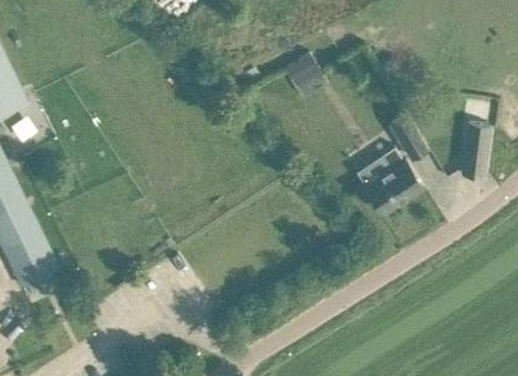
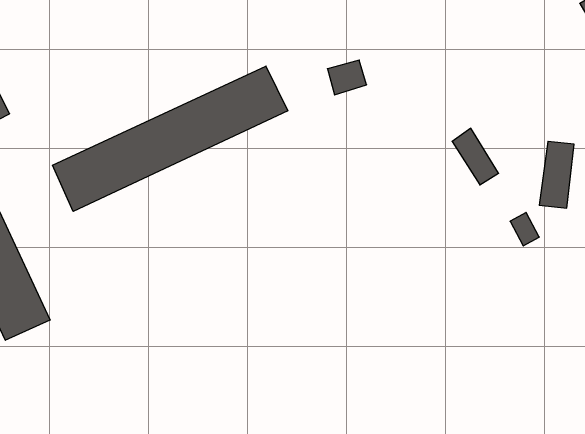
building: none -> [53,66,288,211]
building: [360,144,419,211] -> none

